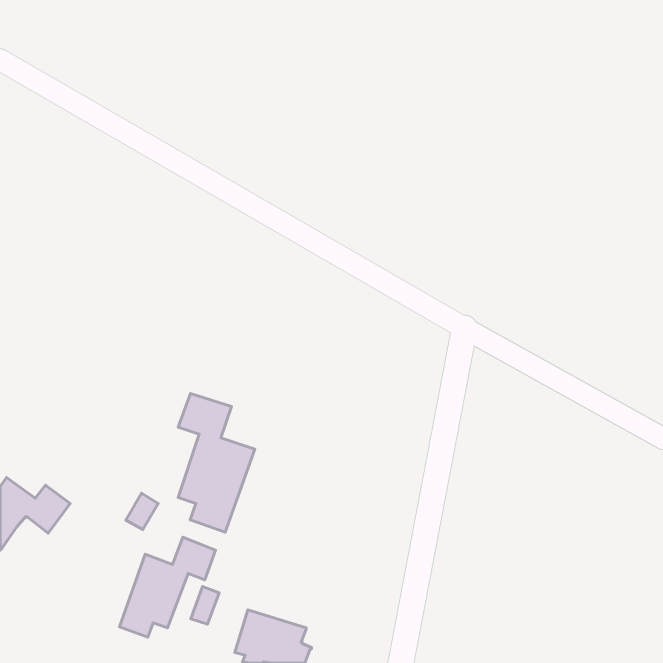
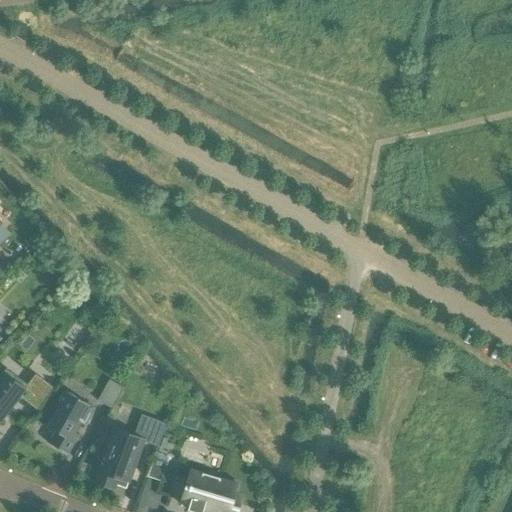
building: [178,393,255,532] -> none
building: none -> [40,391,95,455]

